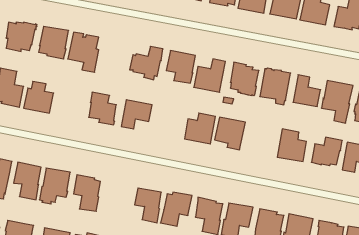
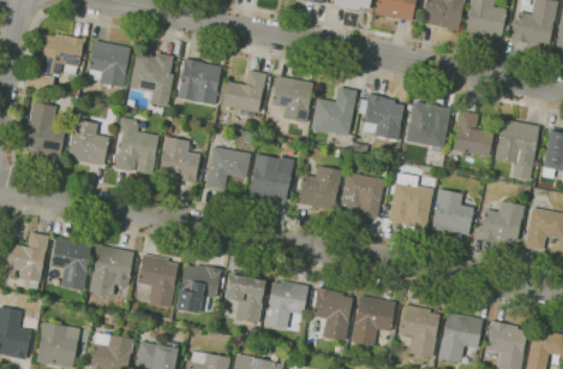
building: none -> [178,58,222,105]
building: none -> [115,118,158,174]
building: none -> [250,154,294,201]
building: none -> [388,172,433,228]
building: none -> [175,264,222,313]

